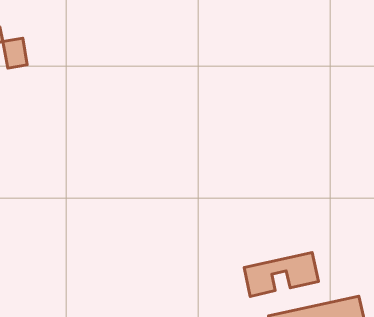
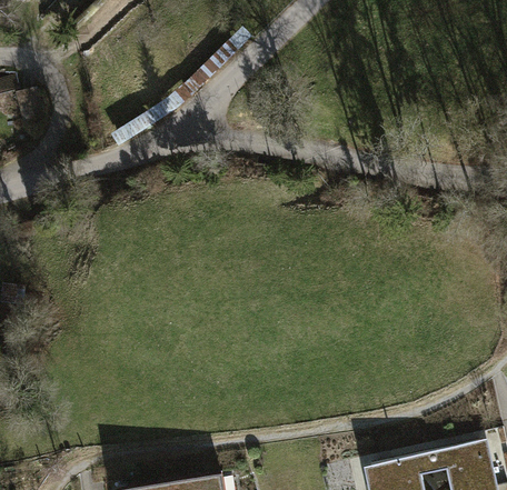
building: [244,253,318,297] -> none

